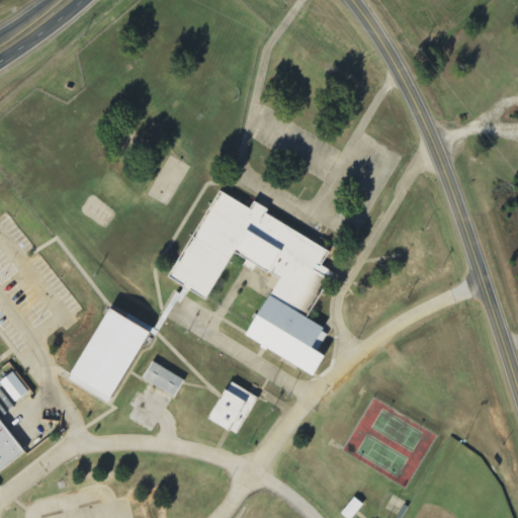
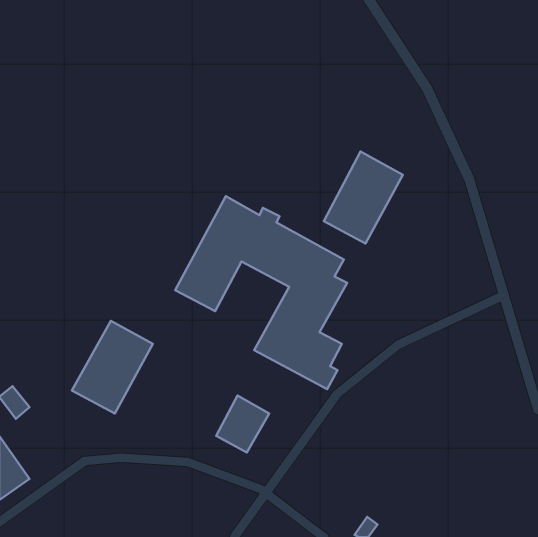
building: none -> [324,152,403,244]
building: [142,360,183,396] -> none

